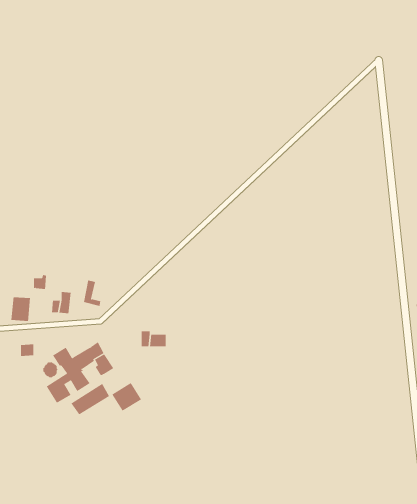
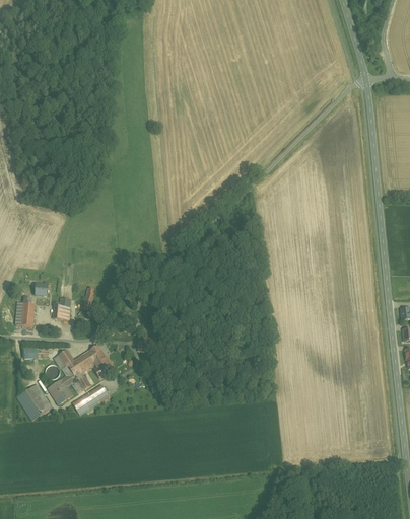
building: [112,382,142,411] -> none
building: none -> [17,384,51,420]

